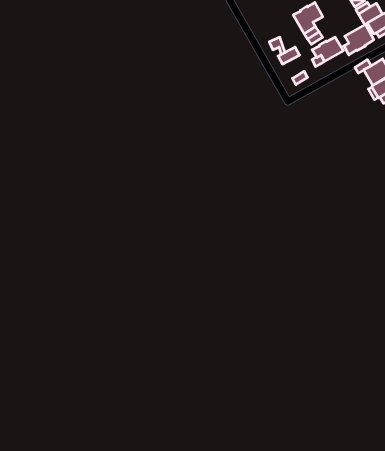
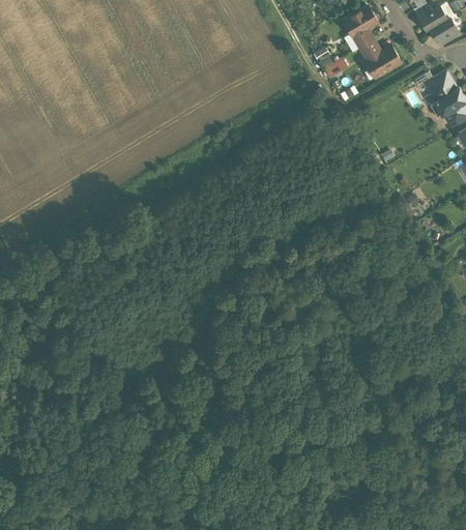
building: [344,24,374,55] -> none

